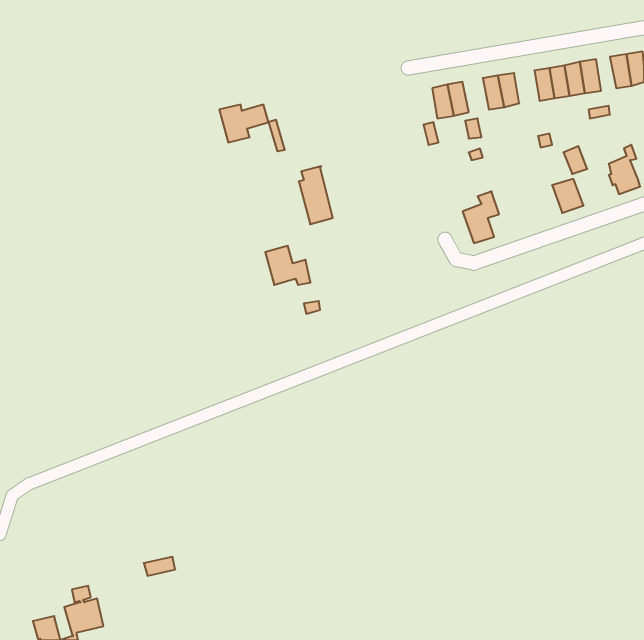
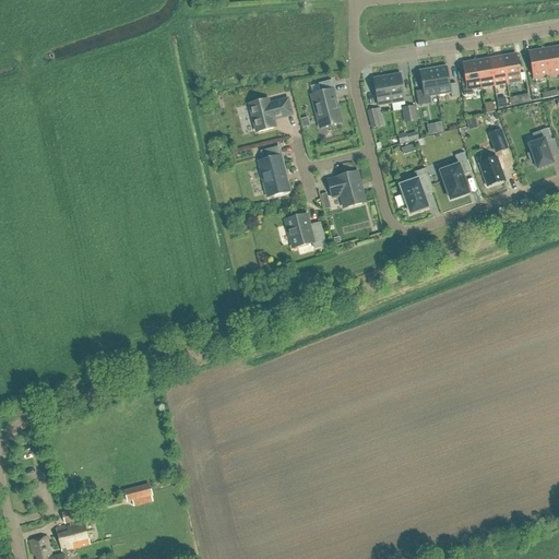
building: none -> [312,78,341,126]
building: [219,105,268,142] -> [249,96,292,129]
building: none -> [440,150,471,197]
building: none -> [328,169,365,205]
building: [265,246,311,285] -> [286,212,325,246]

